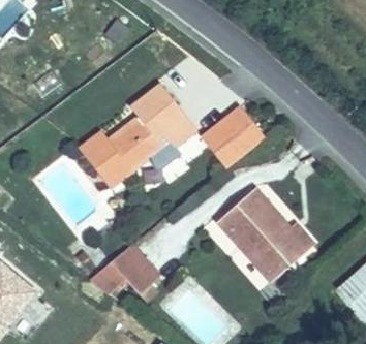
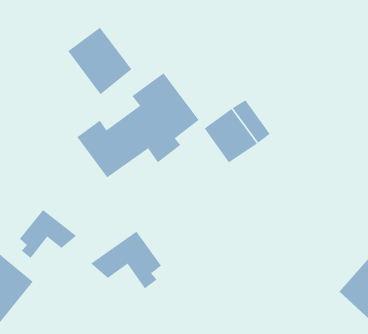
building: none -> [68,27,132,95]
building: [221,189,309,281] -> none
building: none -> [19,209,77,259]

